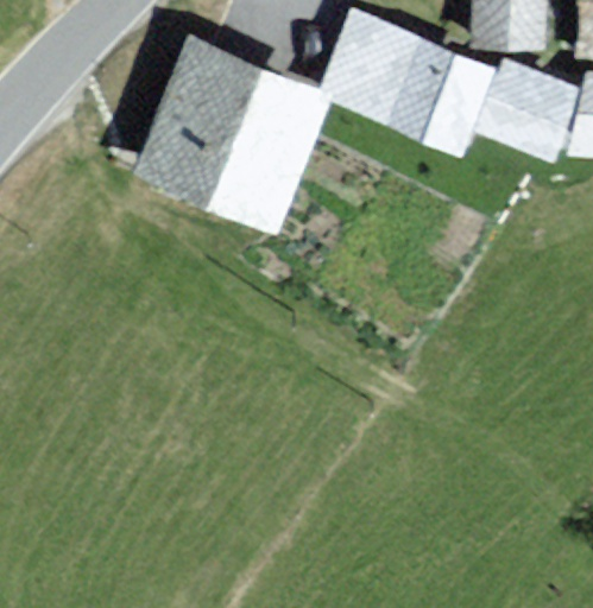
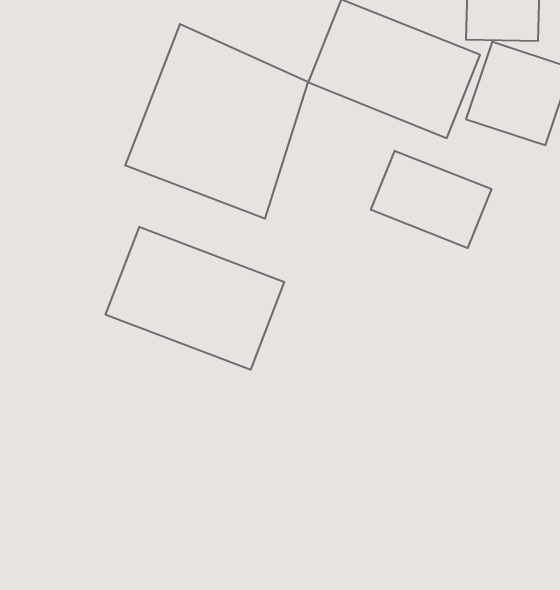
building: none -> [371,151,491,248]
building: none -> [106,227,284,370]

